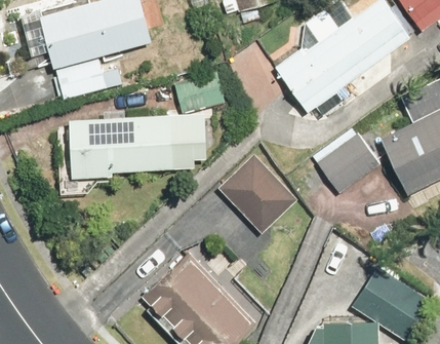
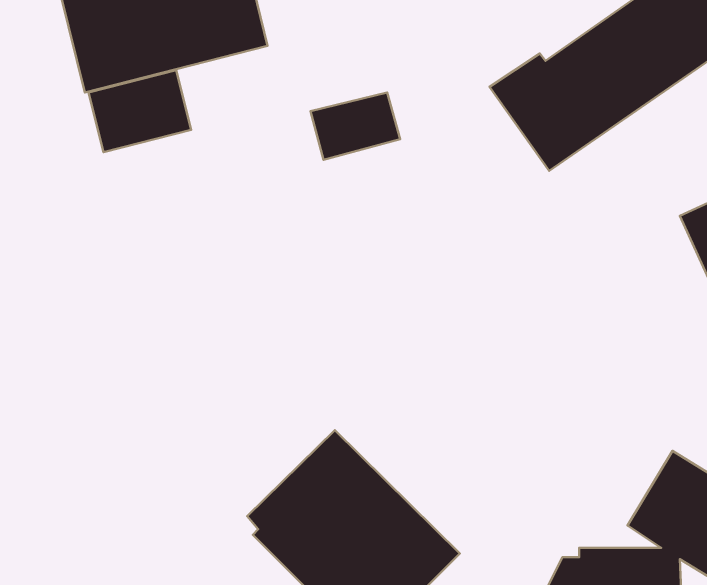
building: [66,107,213,179] -> none
building: [316,135,378,193] -> none
building: [215,152,299,236] -> none

